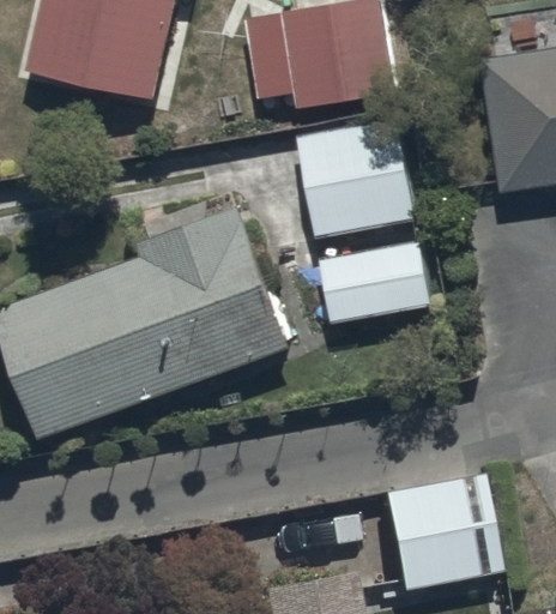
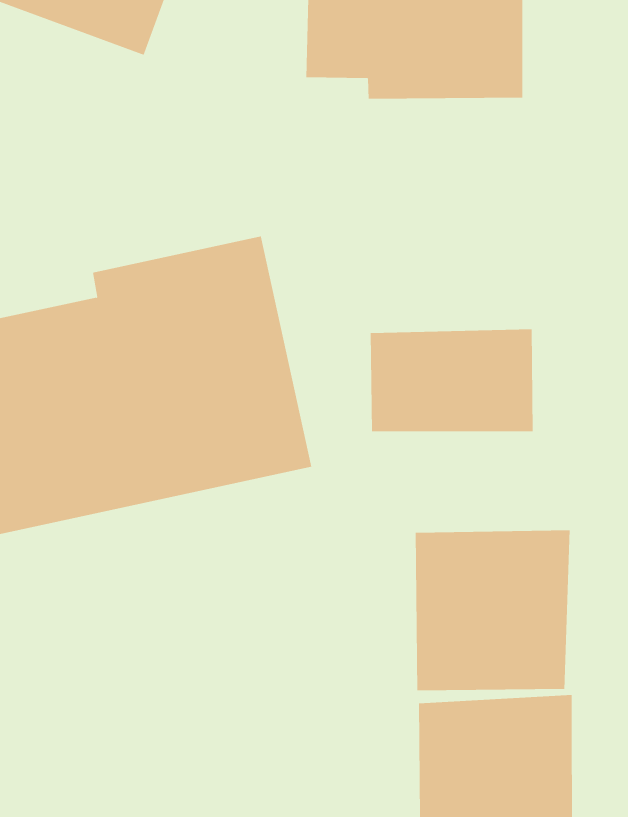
building: [294,118,415,237] -> none
building: none -> [415,530,570,691]

